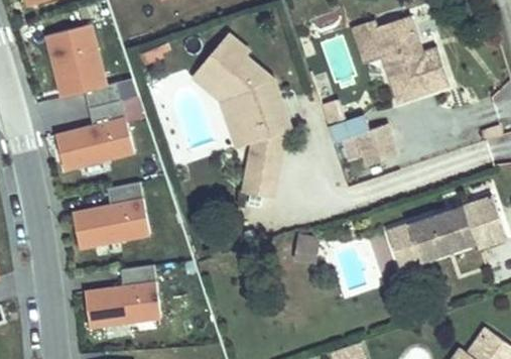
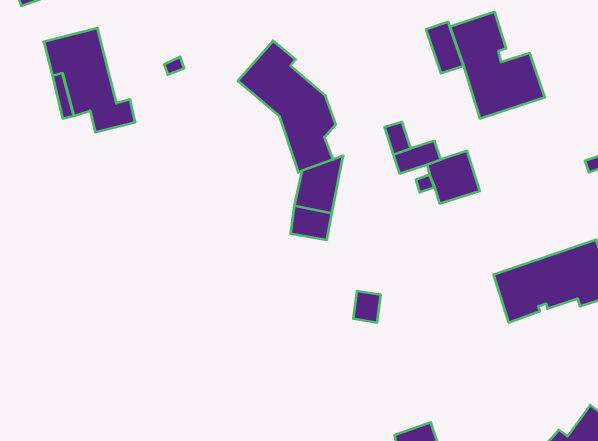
building: [195,68,251,145] -> none
building: [55,101,133,170] -> none
building: [72,183,149,248] -> none
building: [387,224,420,269] -> none
building: [84,265,160,328] -> none

